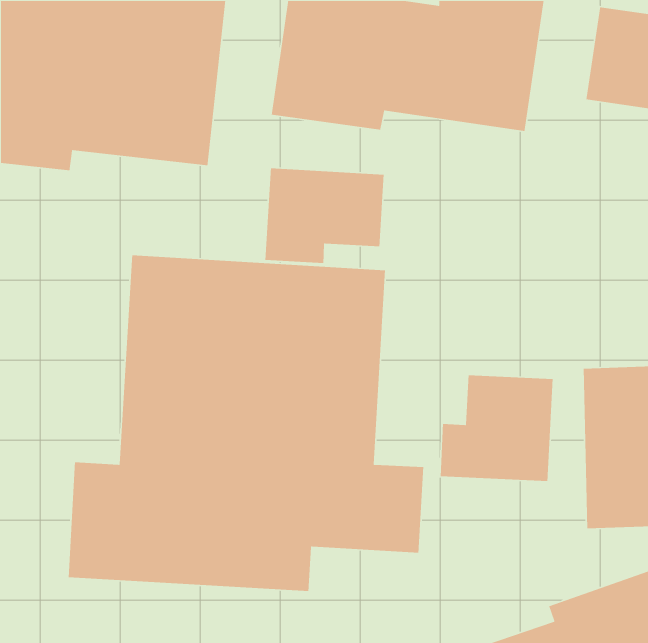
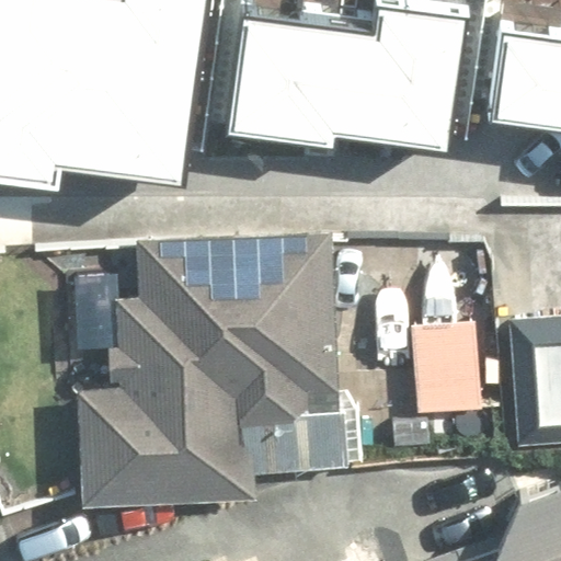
building: [265,168,385,264] -> none

